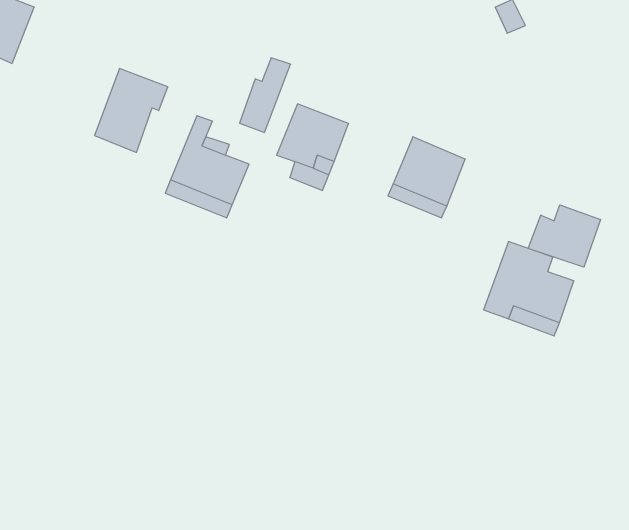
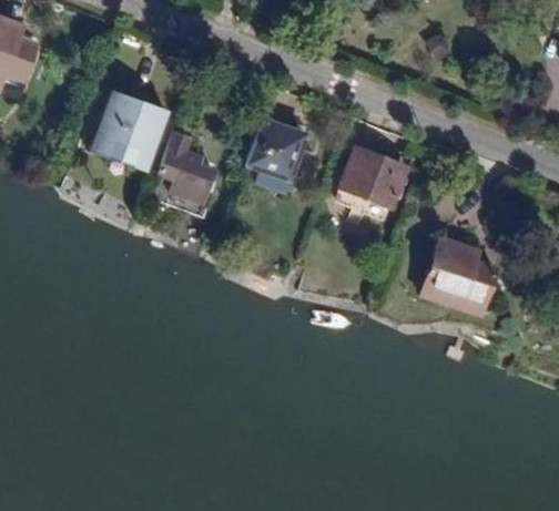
building: [240,58,291,132] -> [125,105,169,168]
building: [528,205,601,267] -> none

